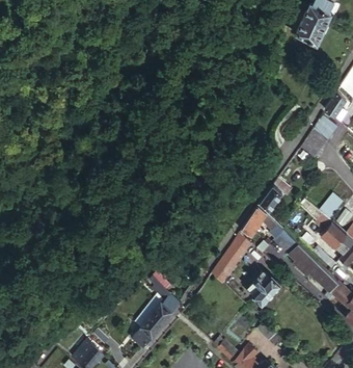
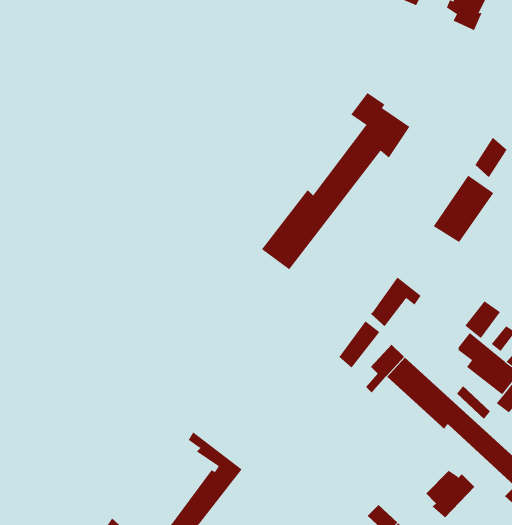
building: [295,10,325,46] -> none
building: none -> [261,92,410,270]
building: [211,232,252,281] -> none
building: [248,271,279,301] -> [425,470,475,518]

